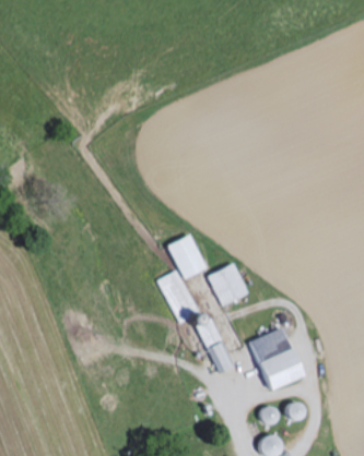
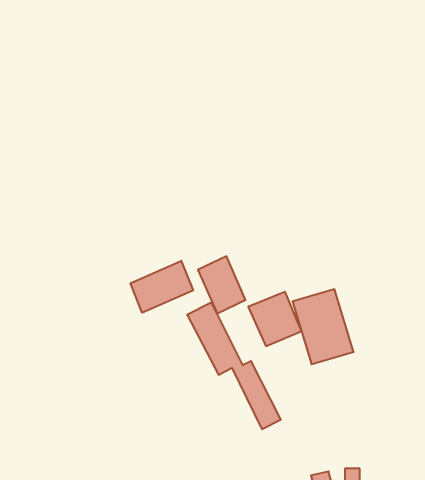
building: none -> [131,261,193,313]
building: [248,329,297,389] -> [292,289,354,364]

